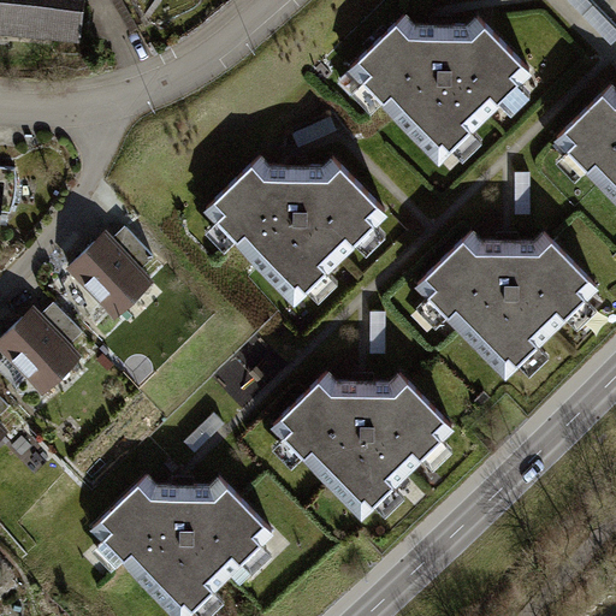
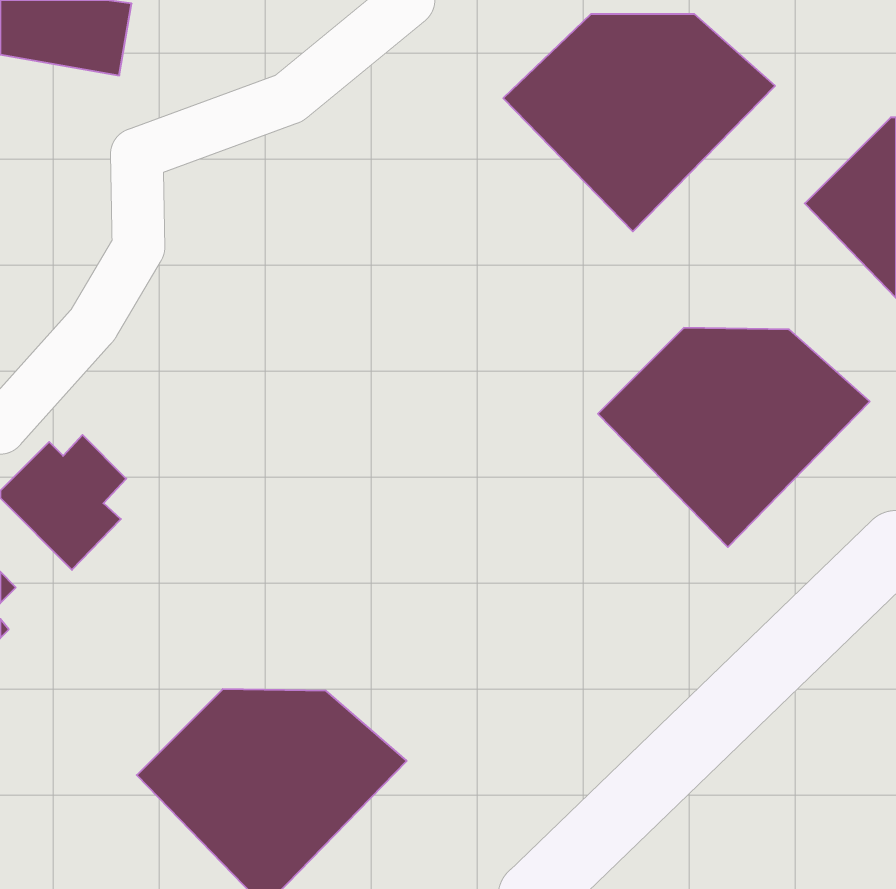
building: [199,156,385,307] -> none
building: [73,226,162,318] -> none
building: [266,375,452,526] -> none

